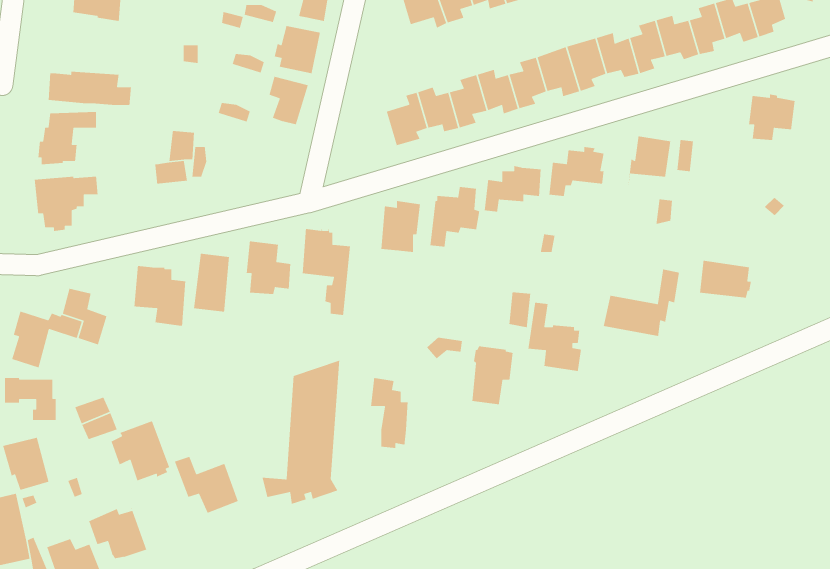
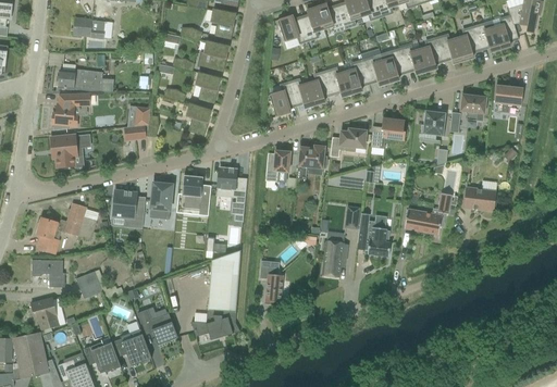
building: none -> [460,93,485,121]
building: none -> [186,102,211,134]
building: [111,420,170,481] -> [114,327,151,365]

